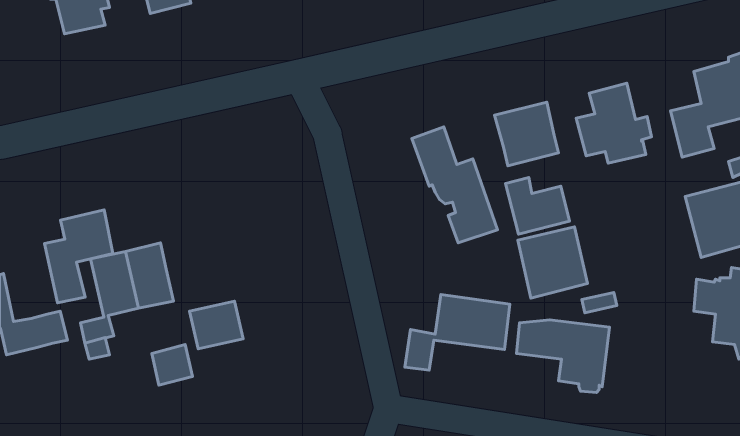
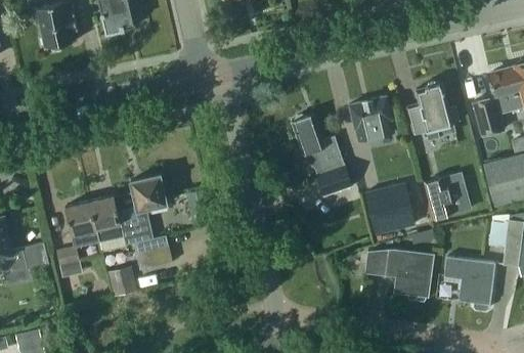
building: [506,178,570,234] -> [425,179,470,219]
building: [45,210,113,303] -> [119,174,167,239]
building: [405,295,510,370] -> none
building: none -> [444,257,494,311]

